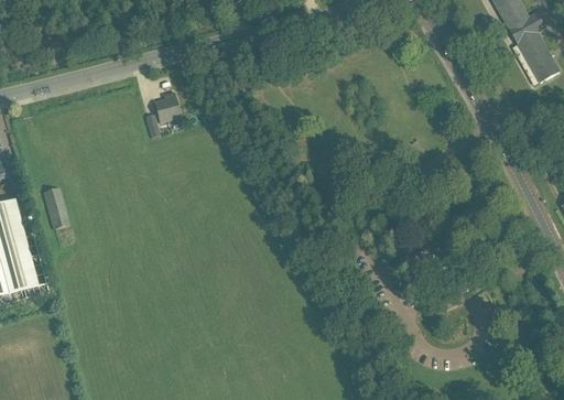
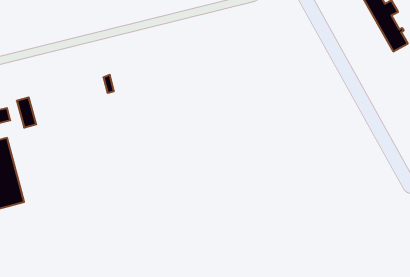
building: [153,91,180,120] -> none
building: [42,186,68,227] -> [17,98,36,128]

